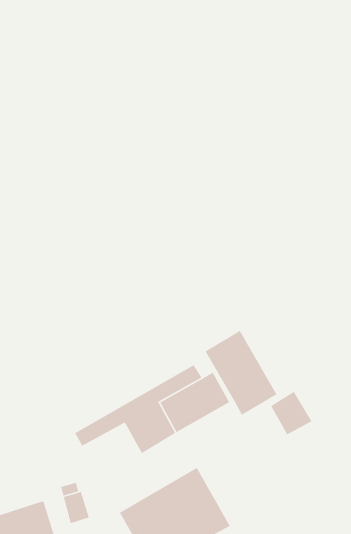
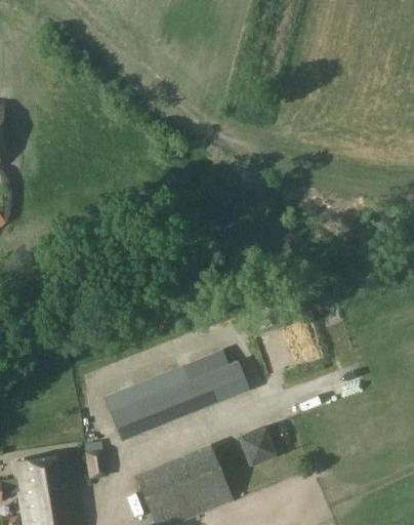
building: [204,330,277,416] -> none
building: [270,391,312,436] -> [240,427,276,466]
building: none -> [111,395,163,440]

